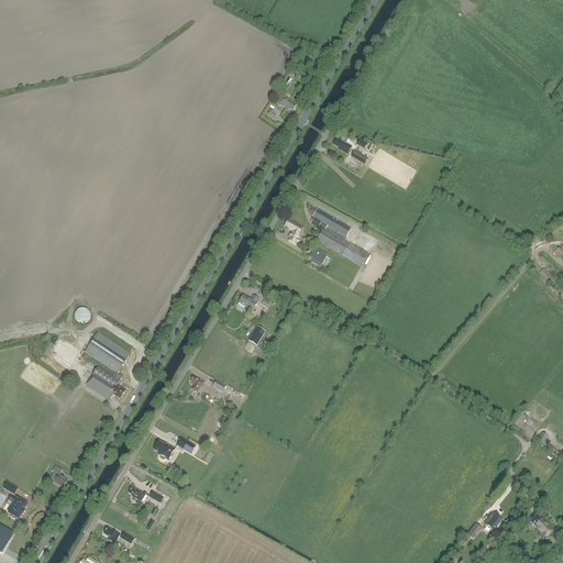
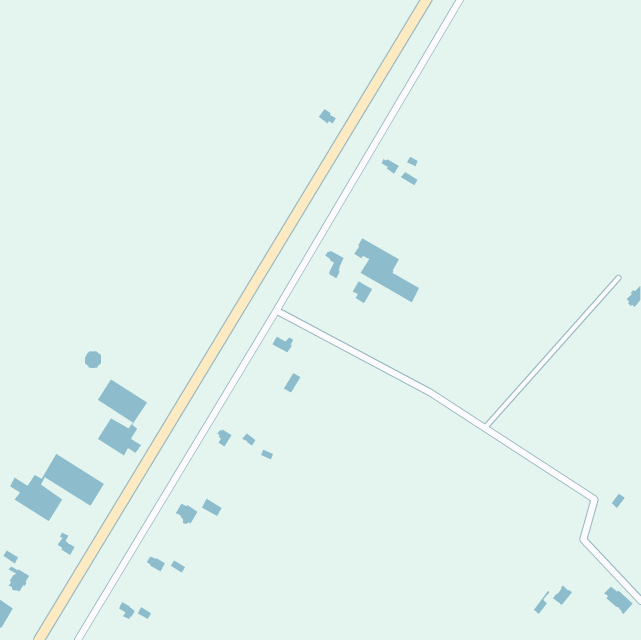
building: none -> [9,453,105,522]

